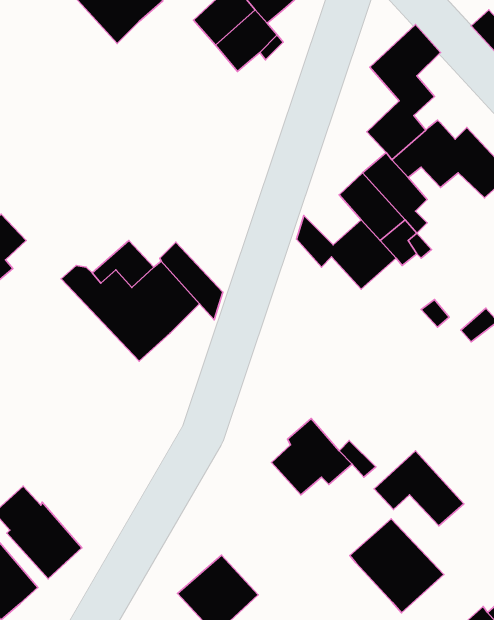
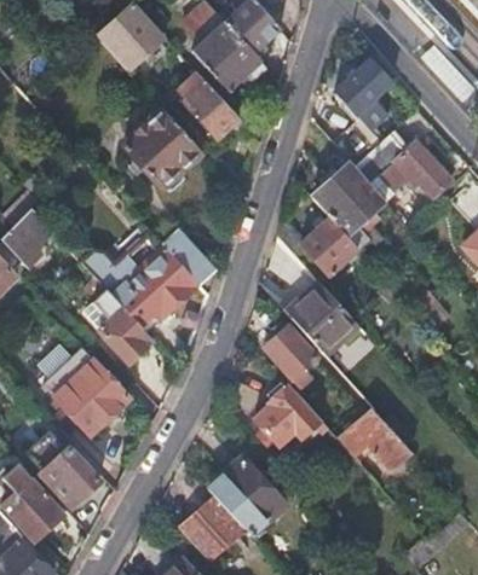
building: none -> [177,71,237,138]
building: none -> [122,110,200,193]
building: none -> [62,254,154,362]
building: none -> [286,279,357,352]
building: none -> [264,323,317,384]
building: none -> [51,349,129,438]
building: [350,519,444,613] -> [209,455,287,533]

